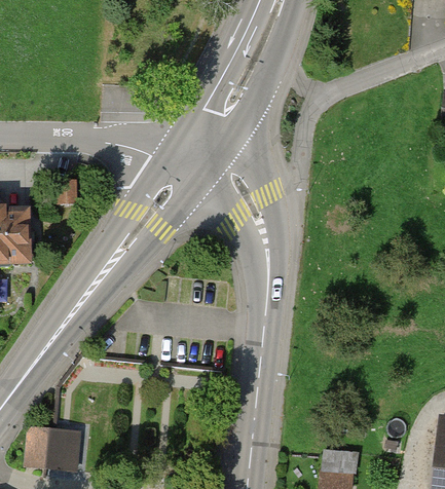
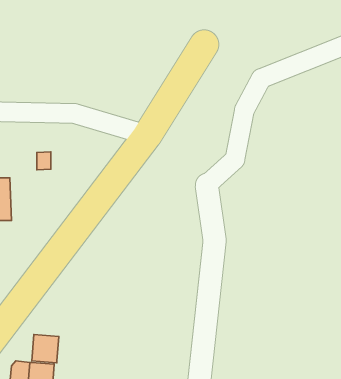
building: none -> [32,334,59,363]

